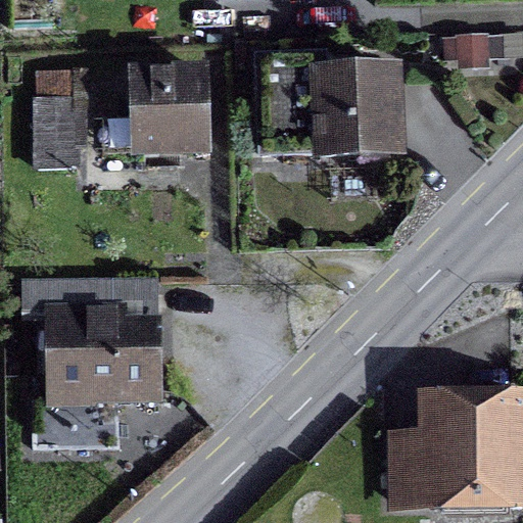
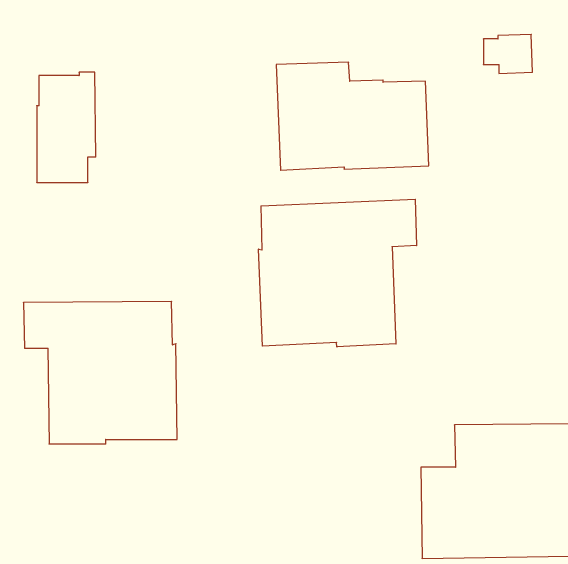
building: [129,62,211,157] -> none
building: none -> [259,199,417,347]

